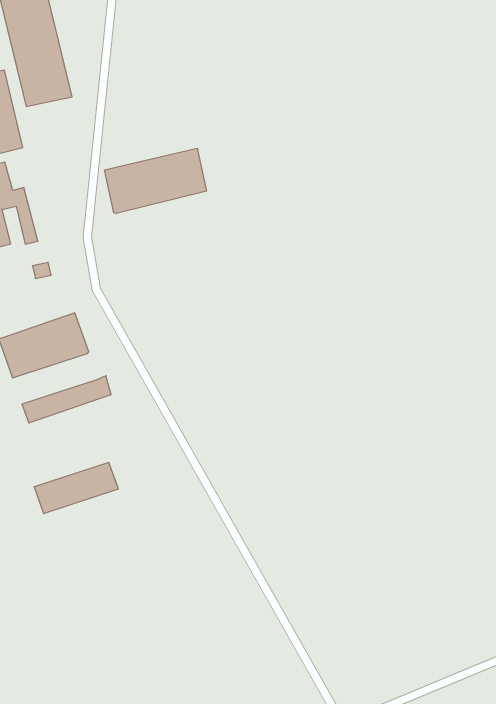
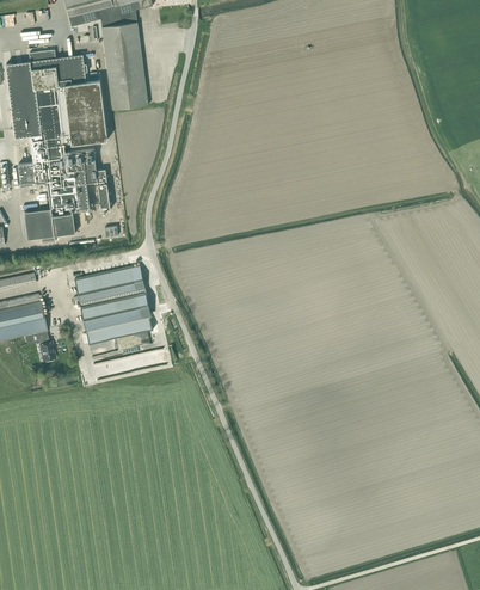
building: [105,148,207,214] -> none
building: [34,463,118,513] -> [81,296,143,328]

